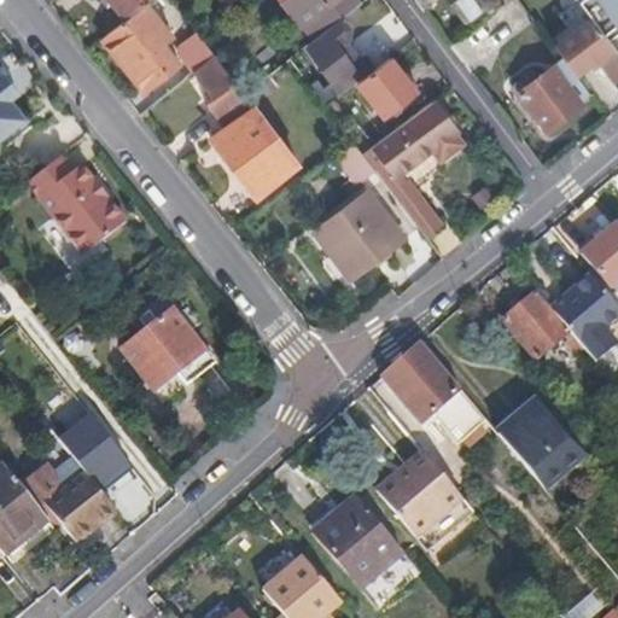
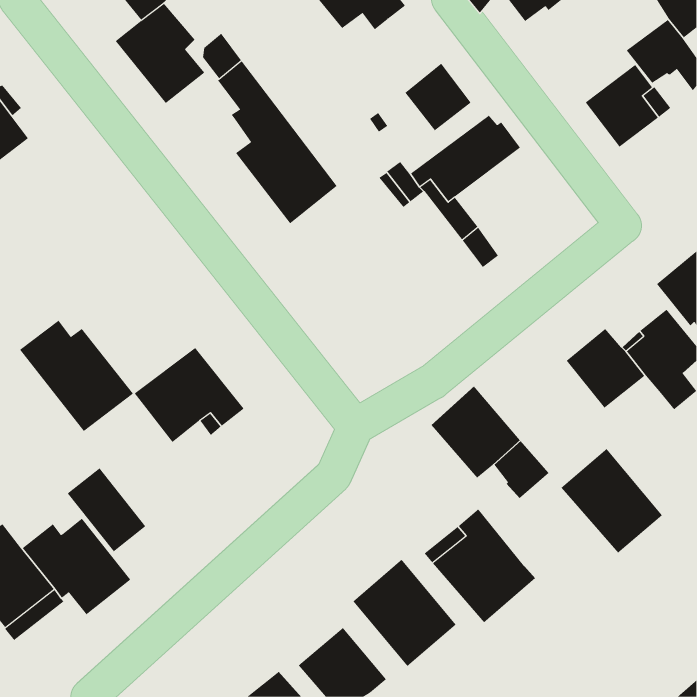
building: [305,17,373,100] -> none
building: [25,156,127,255] -> [19,320,134,432]
building: [313,188,404,279] -> none

